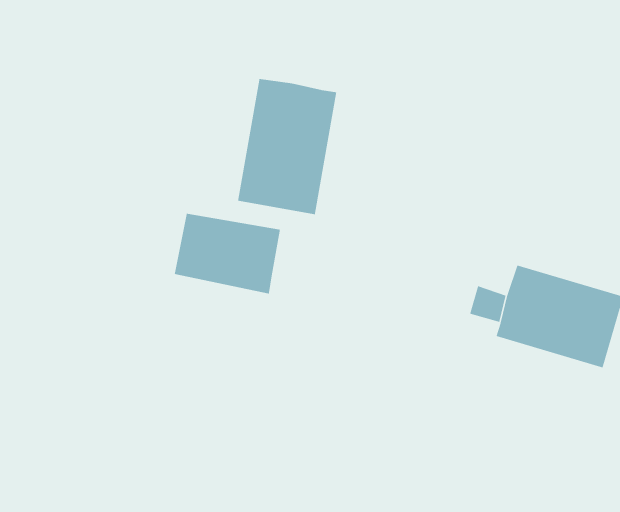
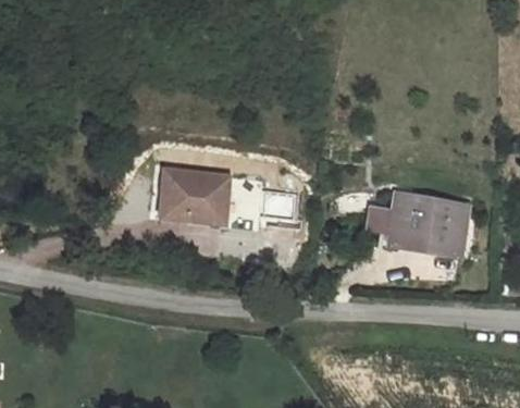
building: [237,78,337,215] -> none

